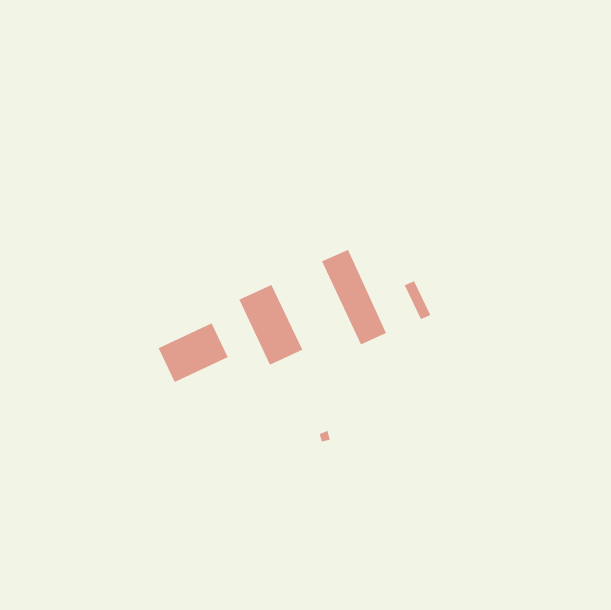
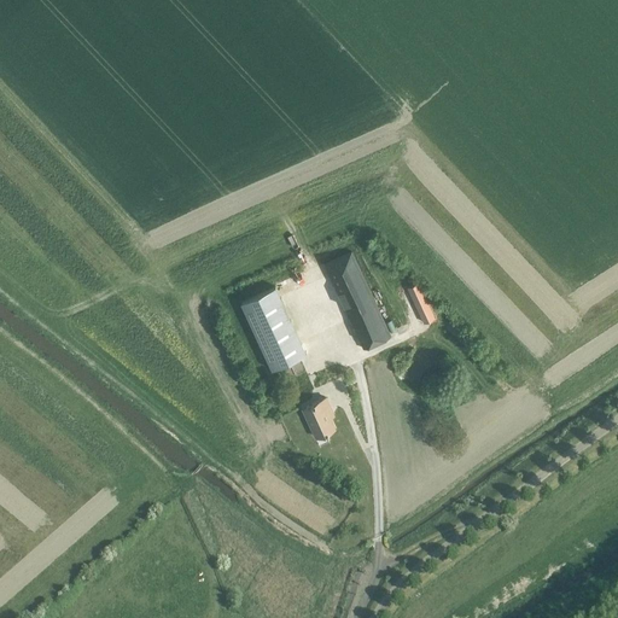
building: [158,322,229,383] -> none
building: none -> [307,400,336,439]

